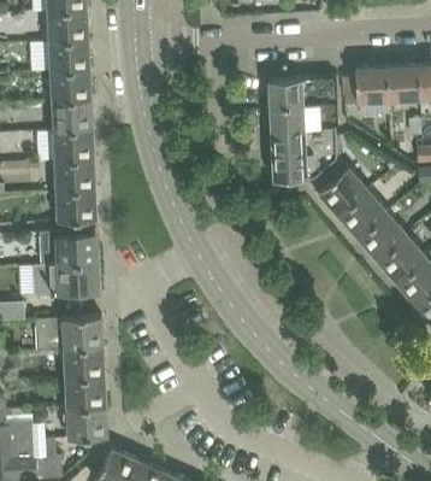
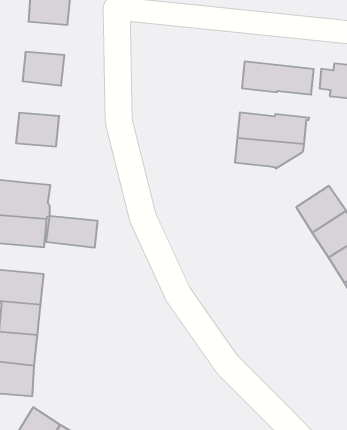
building: [51,70,90,102] -> none
building: [268,104,338,131] -> none
building: [53,130,94,163] -> none
building: [309,162,367,216] -> none
building: [55,190,96,222] -> none
building: none -> [46,216,97,248]

